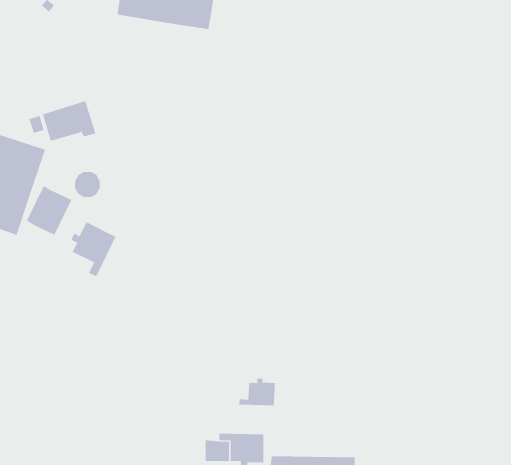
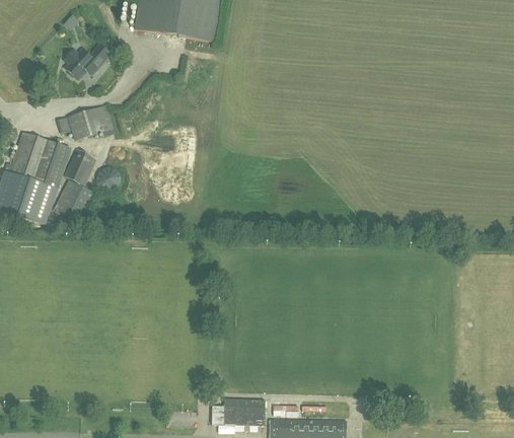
building: none -> [62,45,111,80]
building: none -> [63,148,94,185]
building: [71,221,116,277] -> none
building: [239,378,275,406] -> none

